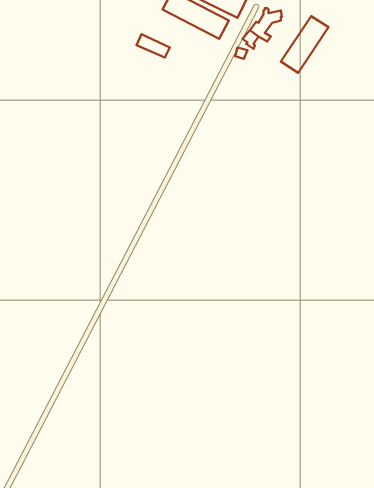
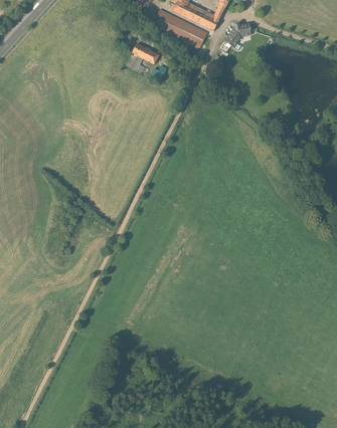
building: [281,16,328,73] -> none

